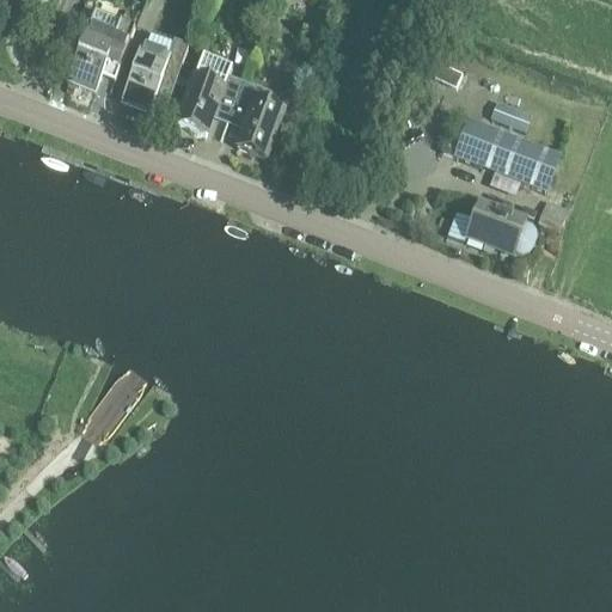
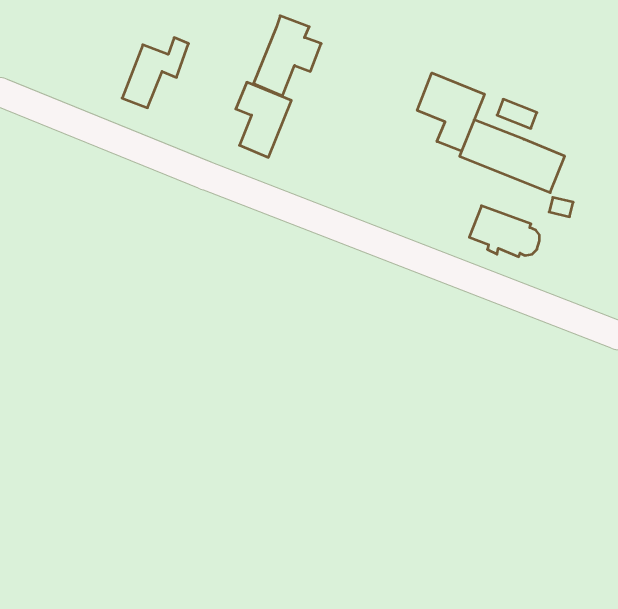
building: [69,7,133,86] -> none
building: [177,53,244,131] -> [254,16,321,96]
building: none -> [417,73,484,151]

